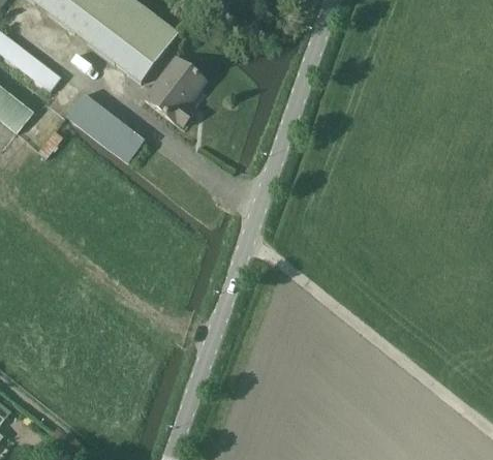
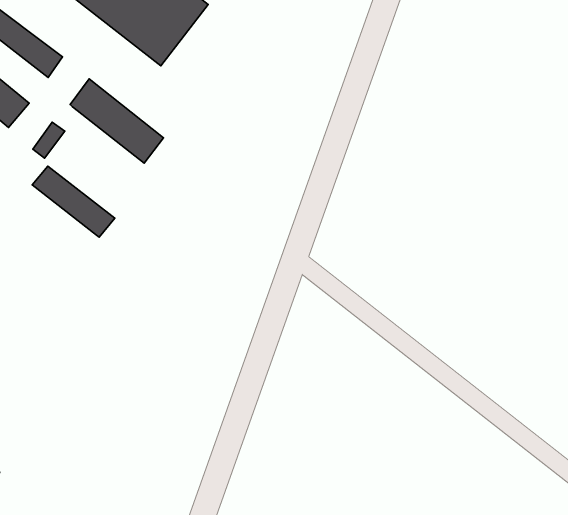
building: [143,58,204,125] -> none
building: none -> [32,166,115,237]

